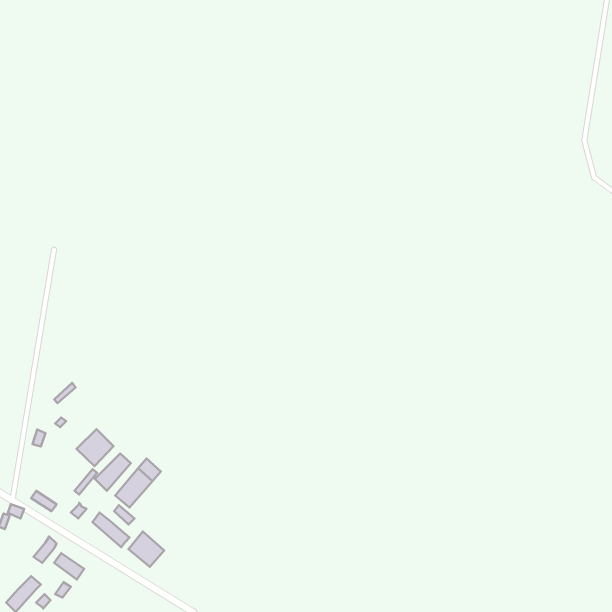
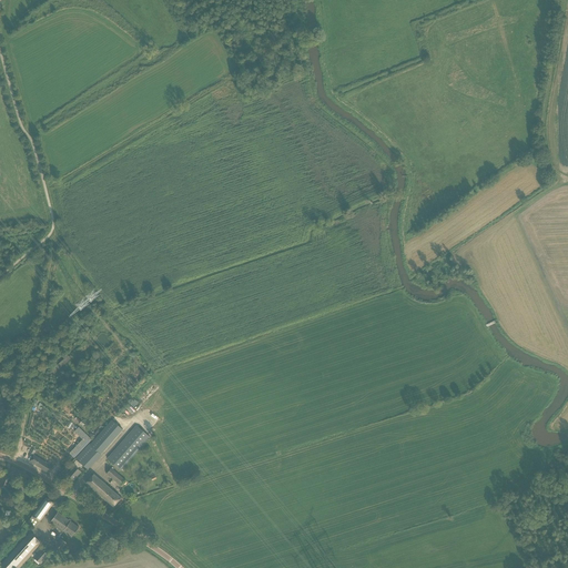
building: [76,429,113,466] -> none
building: [128,532,164,567] -> none

